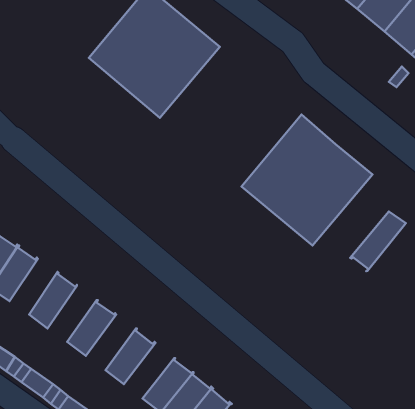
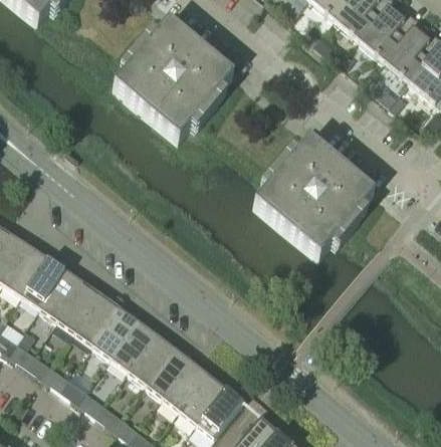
building: [350,211,406,271] -> none
building: none -> [38,269,82,320]
building: none -> [73,294,119,346]
building: none -> [108,320,155,372]
building: none -> [144,347,190,398]

